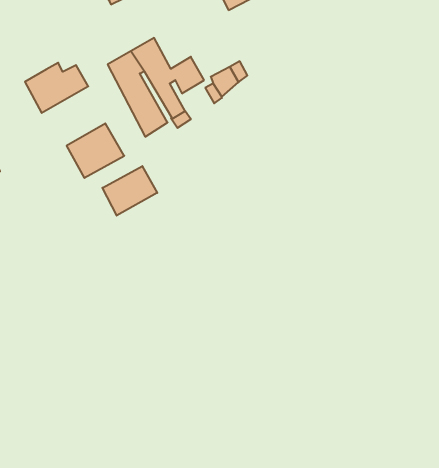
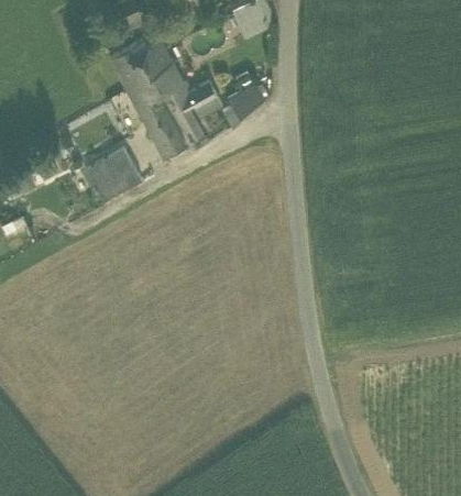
building: [25,63,88,113] -> [109,38,172,88]
building: [102,166,157,216] -> none

